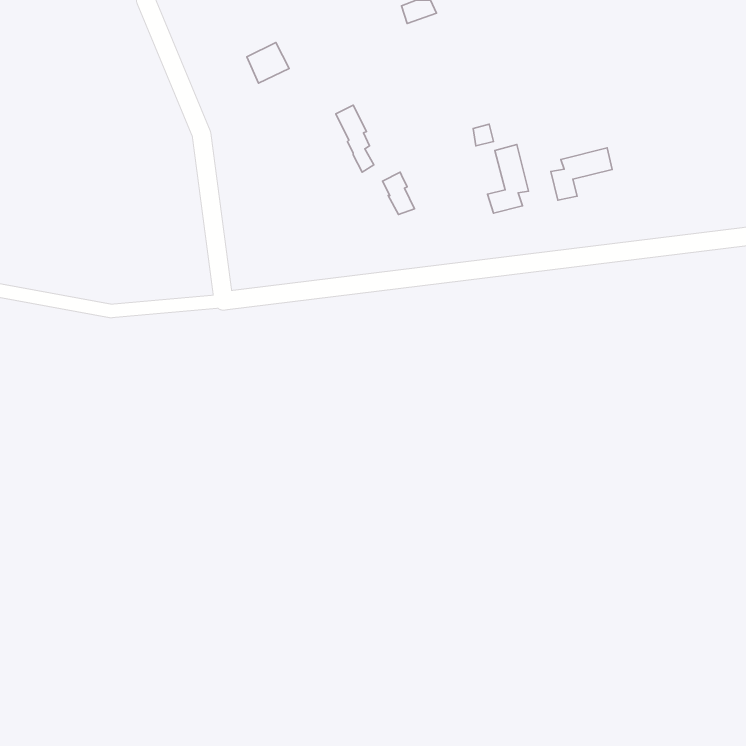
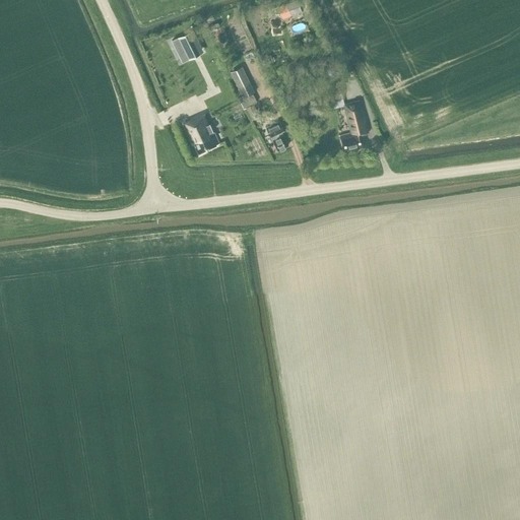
building: [551,148,612,200] -> none
building: none -> [183,114,219,152]

